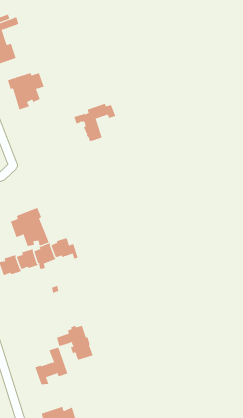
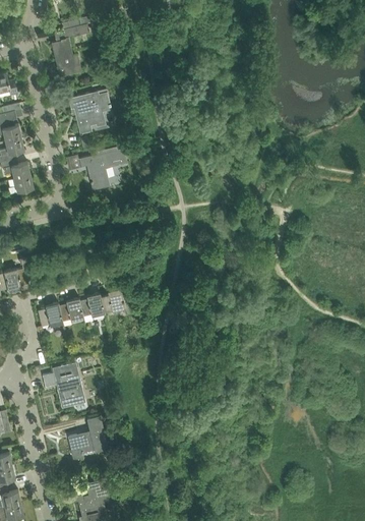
building: [74,103,116,142] -> [78,147,128,190]
building: [10,207,49,247] -> none
building: [56,325,93,360] -> [43,363,84,405]

